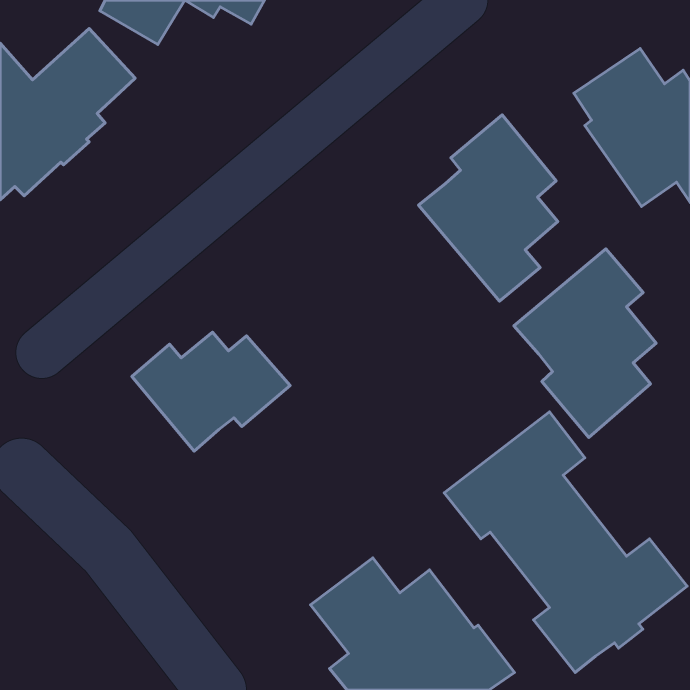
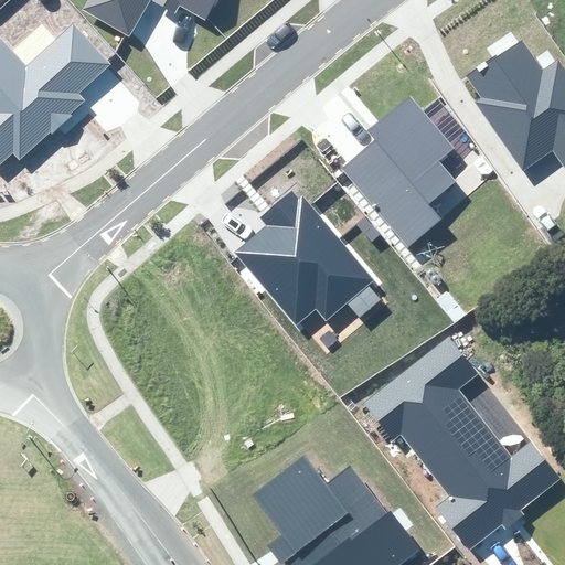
building: none -> [235,191,374,326]
building: [514,249,656,437] -> none
building: [132,332,290,451] -> none

